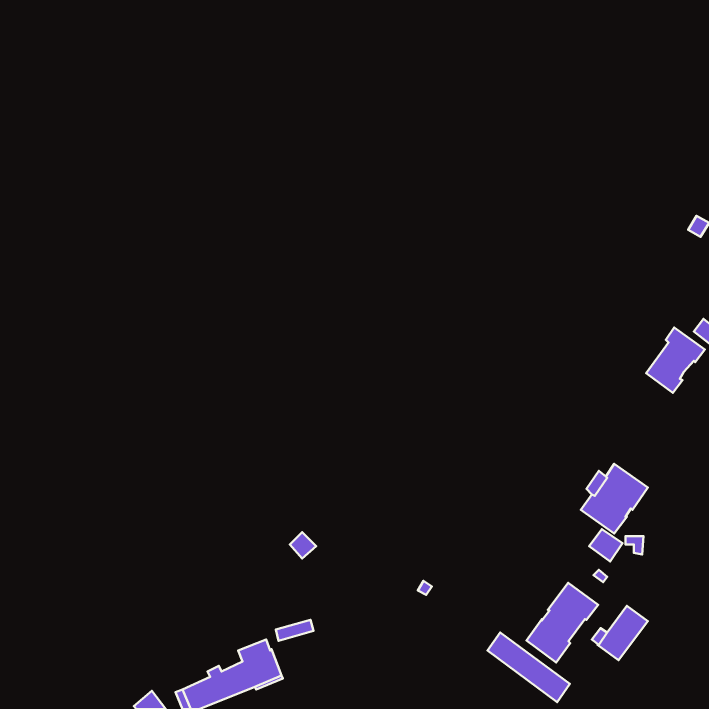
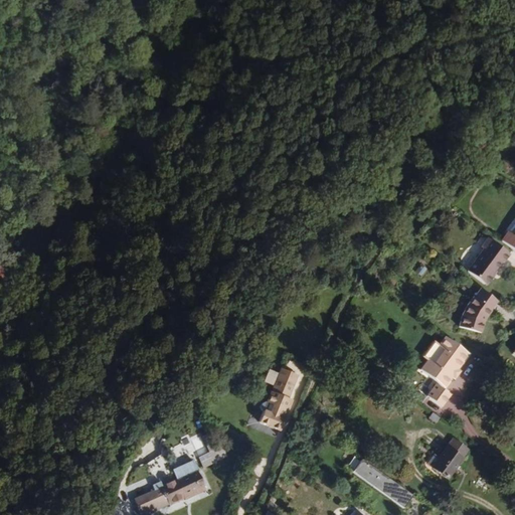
building: none -> [460,287,499,331]
building: none -> [260,367,298,428]
building: [527,583,598,662] -> none

